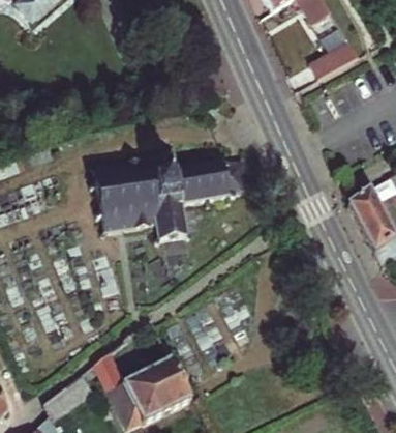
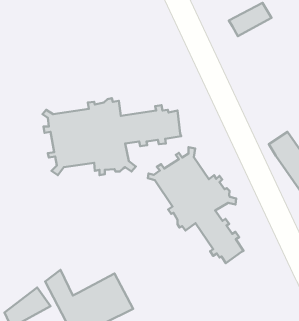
building: none -> [148,147,244,263]

